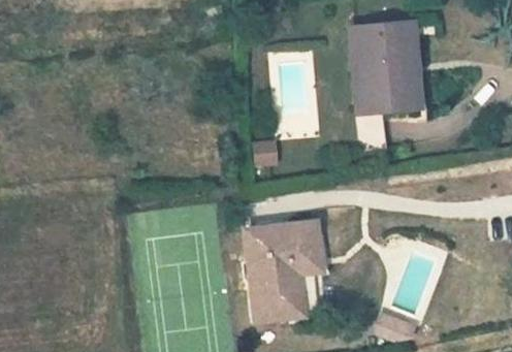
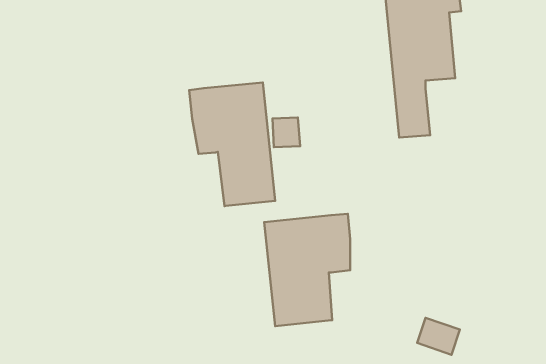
building: [386,45,423,113] -> none
building: none -> [189,82,275,206]

